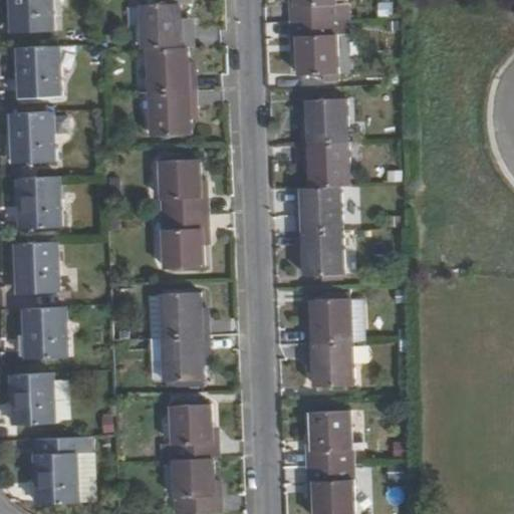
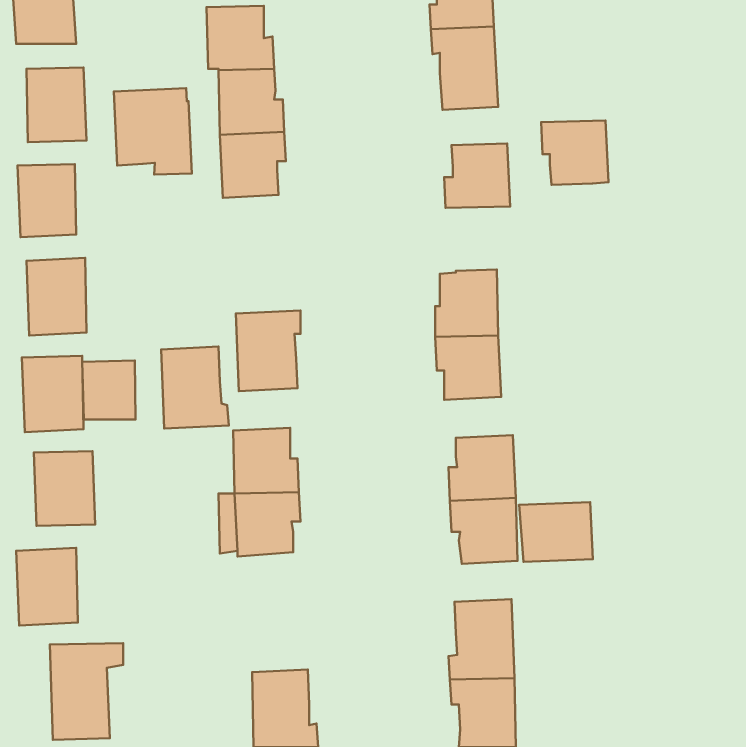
building: none -> [114,88,192,174]
building: [305,142,351,186] -> [541,121,609,185]
building: [160,159,206,215] -> [161,347,229,429]
building: none -> [82,360,135,420]
building: none -> [519,502,593,562]
building: [170,405,216,461] -> none

